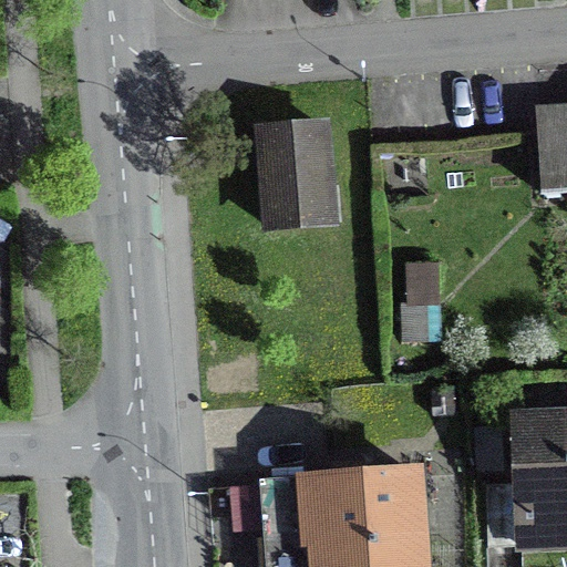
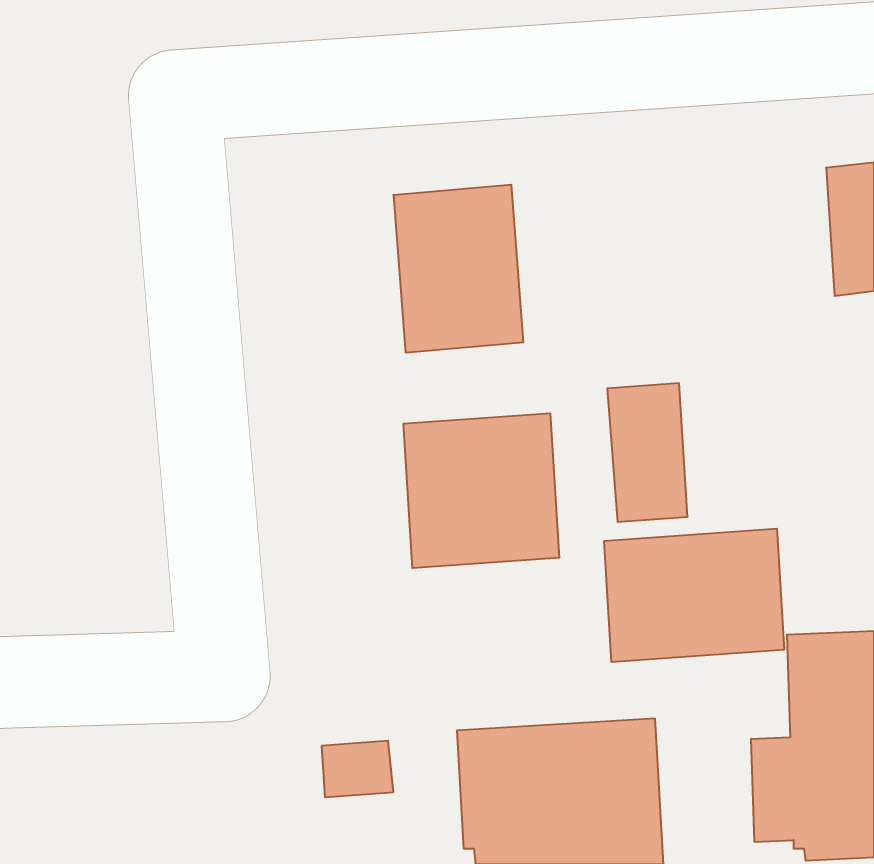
building: none -> [403,413,559,568]
building: none -> [604,529,784,662]

